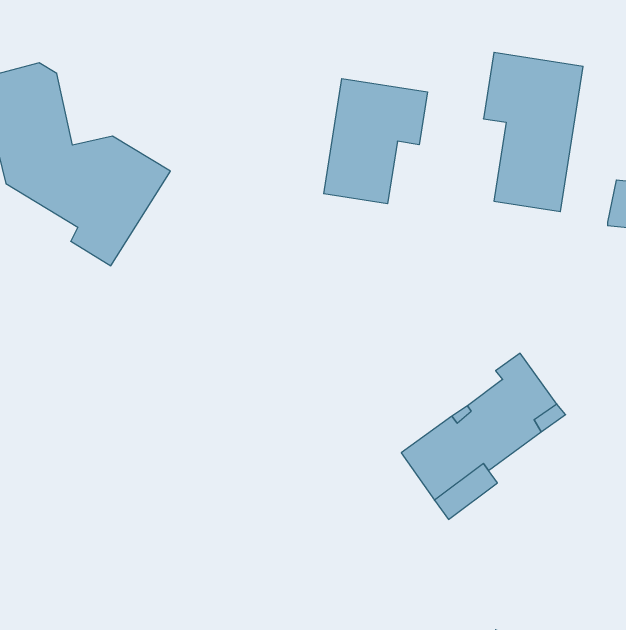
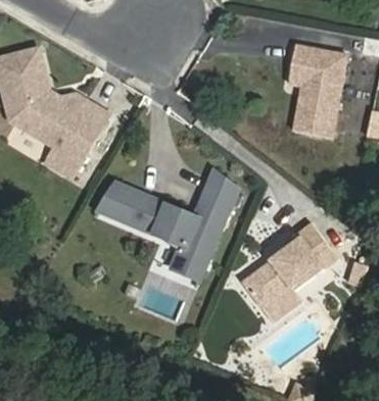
building: [324,79,427,204] -> none
building: none -> [97,170,236,281]

